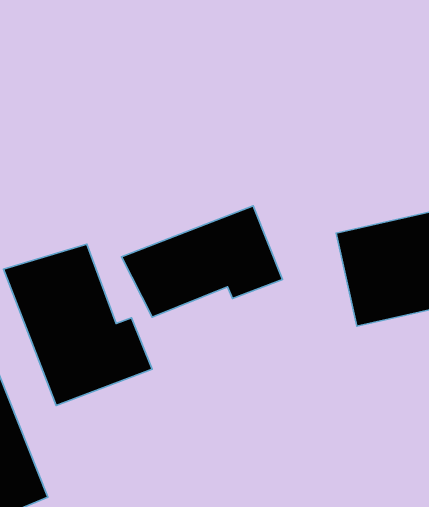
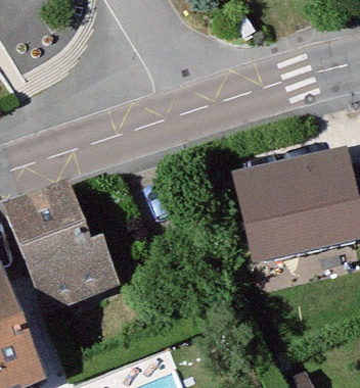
building: [122,206,283,317] -> none

